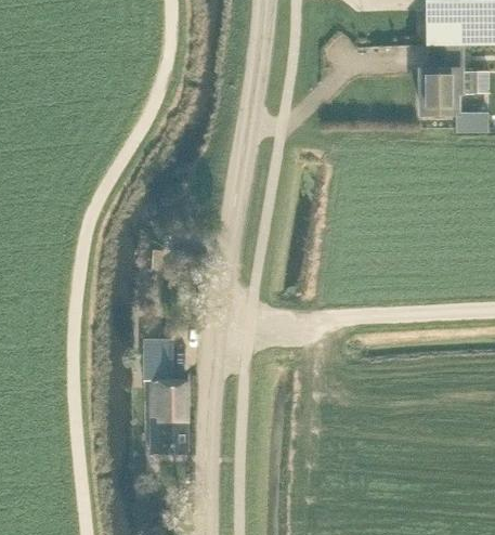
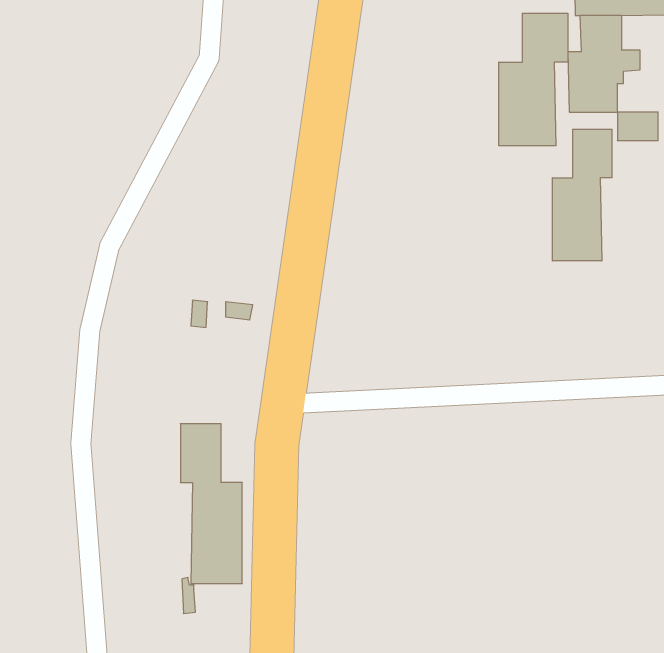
building: none -> [499,13,568,146]
building: none -> [552,129,612,261]

